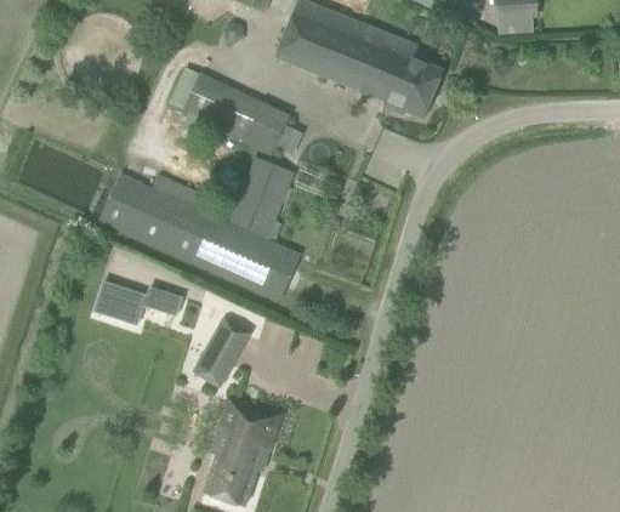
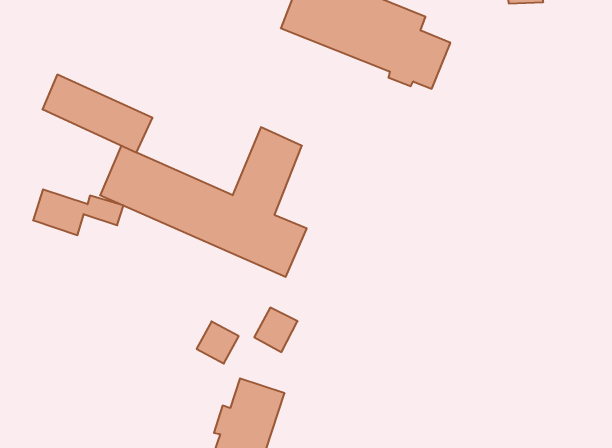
building: [182,73,290,149] -> [42,75,153,153]
building: [93,280,182,325] -> [33,189,123,235]
building: [209,315,251,359] -> [254,308,298,352]

